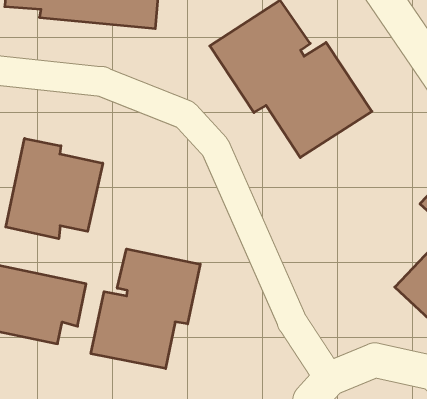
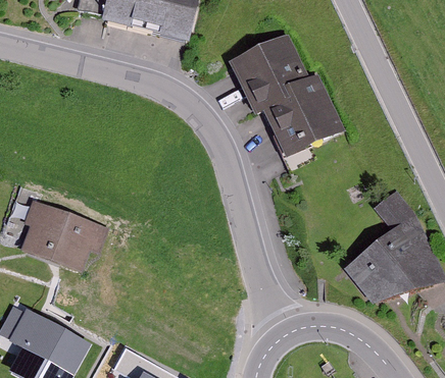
building: [6,138,103,239] -> none
building: [91,249,200,369] -> none

